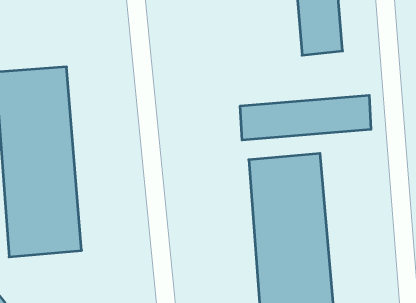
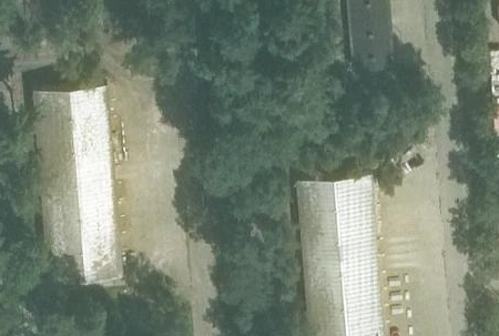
building: [240,95,371,140] -> none

